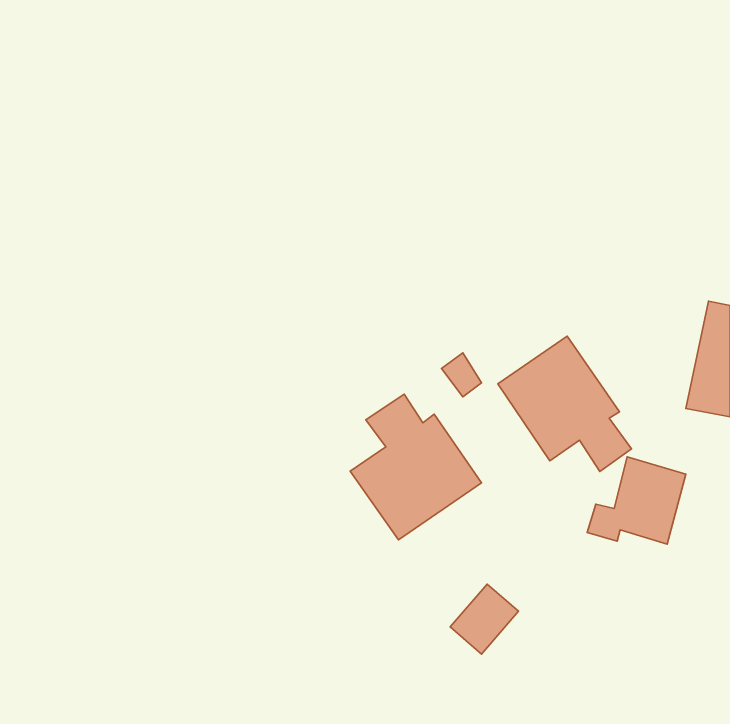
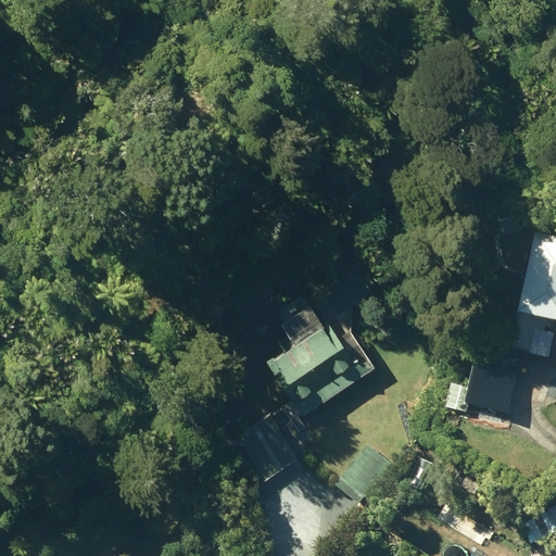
building: [498,336,631,471] -> none
building: none -> [238,419,298,480]

